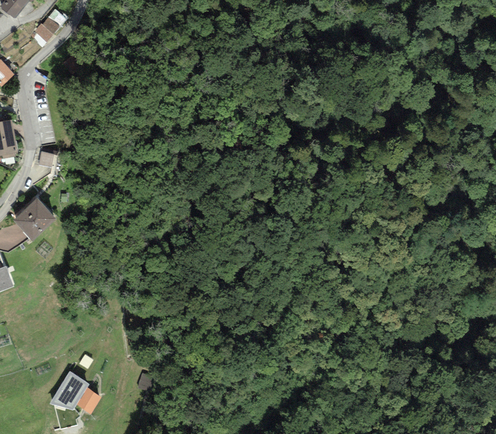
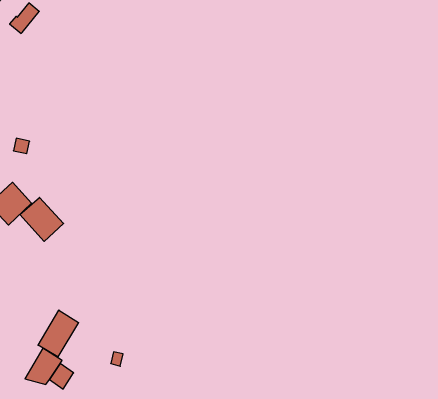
building: none -> [20,197,64,241]
building: none -> [38,310,79,357]

